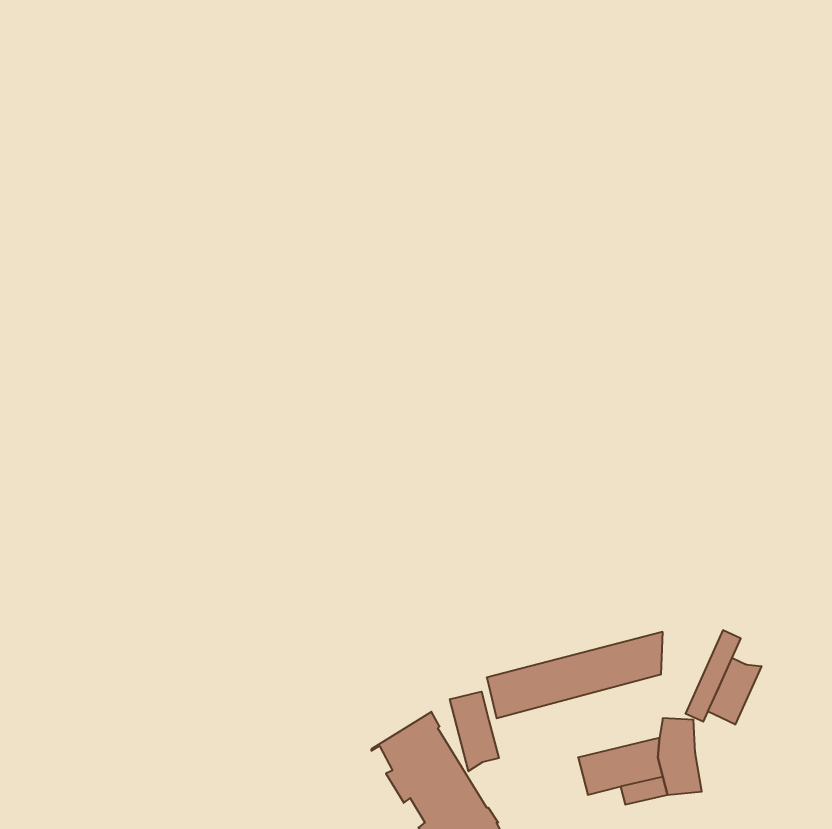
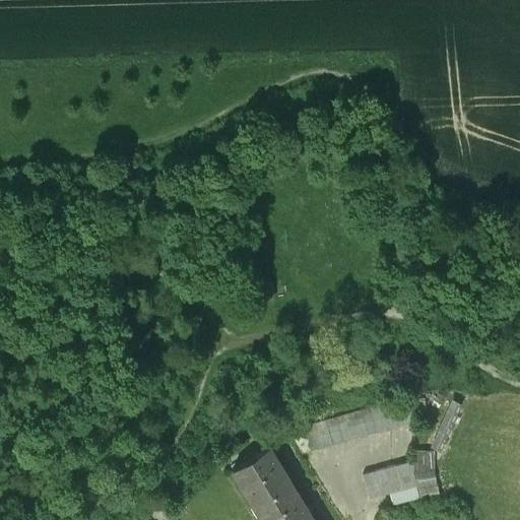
building: [708,658,761,725] -> none
building: [450,692,499,771] -> none

